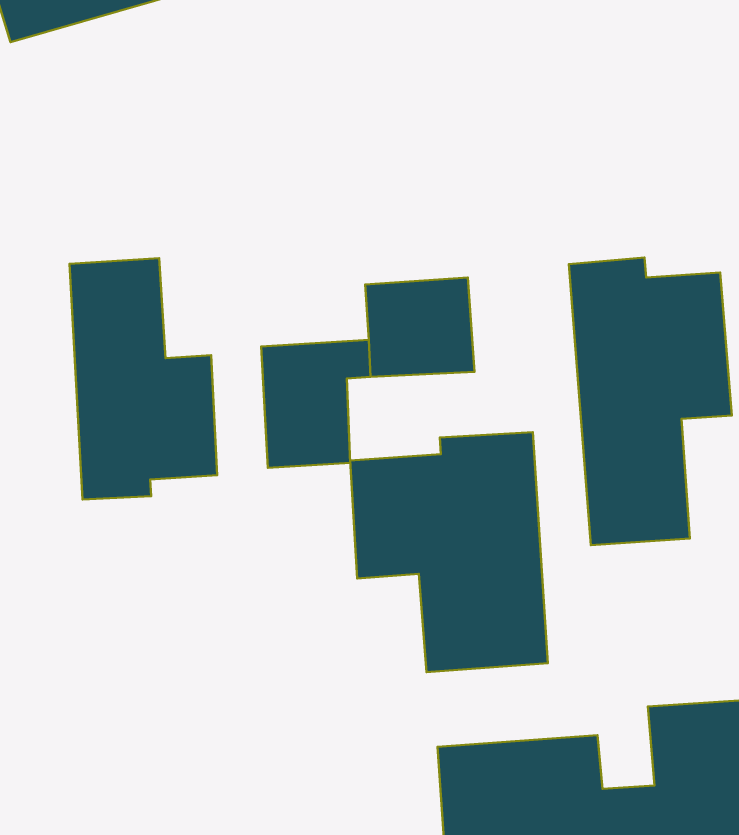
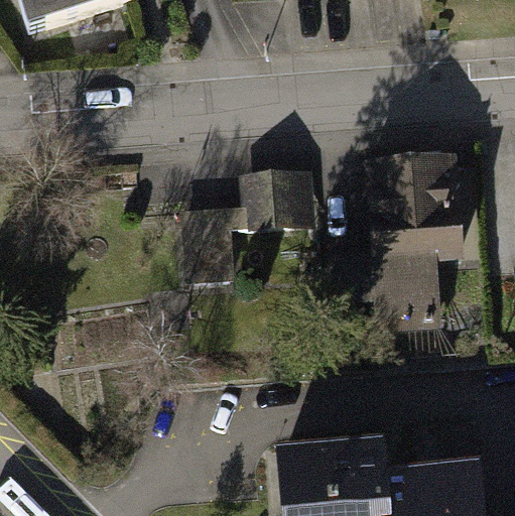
building: [69,258,217,499] -> none
building: [350,432,548,672] -> none

